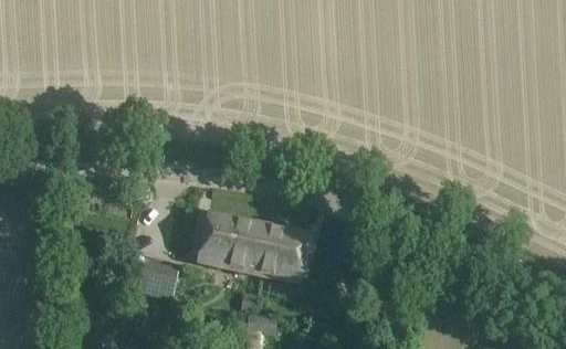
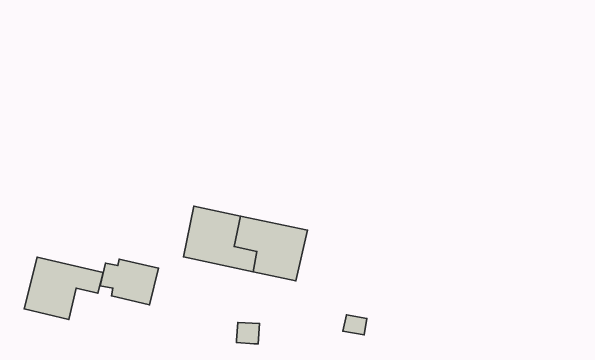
building: none -> [24,257,103,319]

